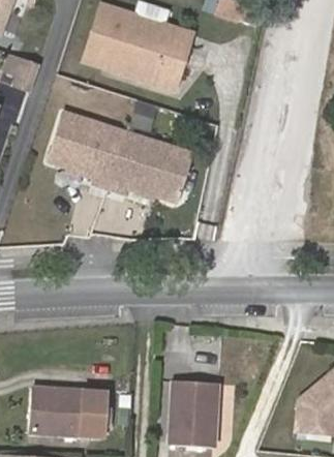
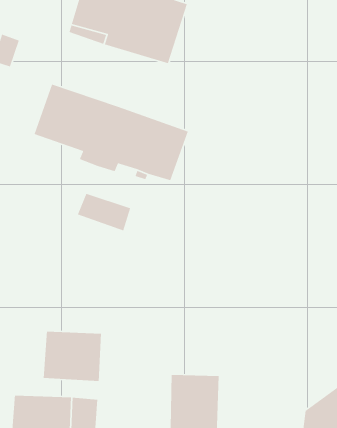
building: none -> [77,193,131,232]
building: none -> [43,331,102,382]

